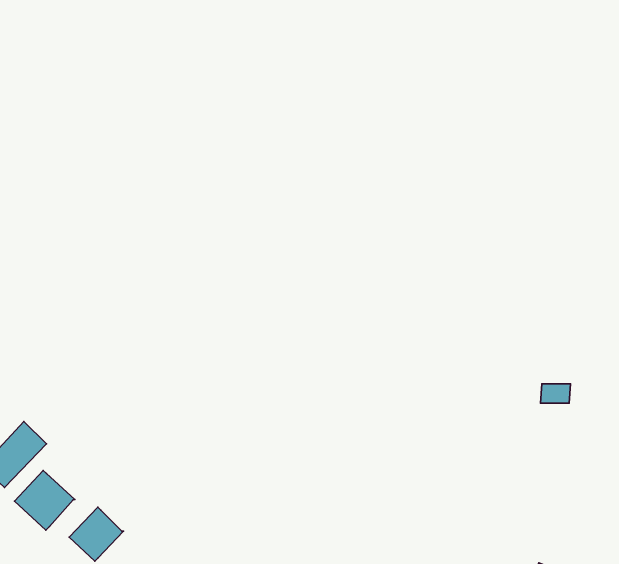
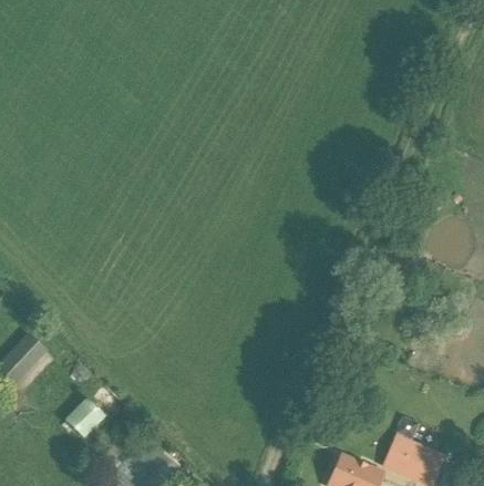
building: [15,470,75,530] -> none

